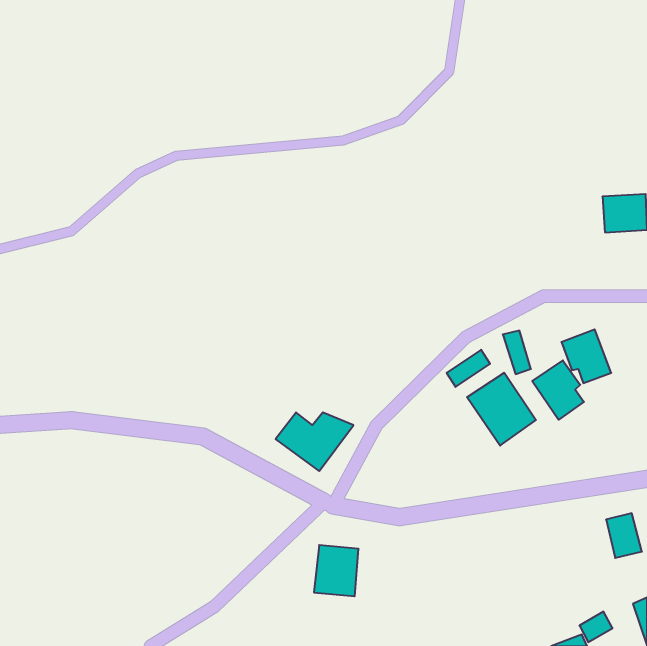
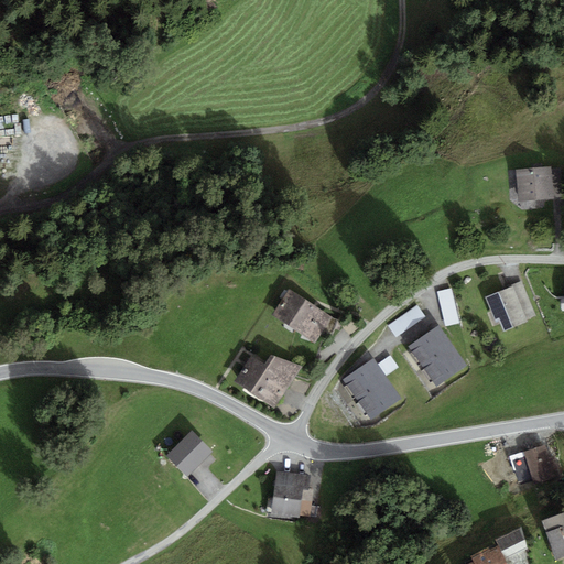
building: none -> [276,290,335,343]
building: [532,360,584,420] -> none
building: none -> [344,357,404,420]
building: none -> [162,430,209,477]

